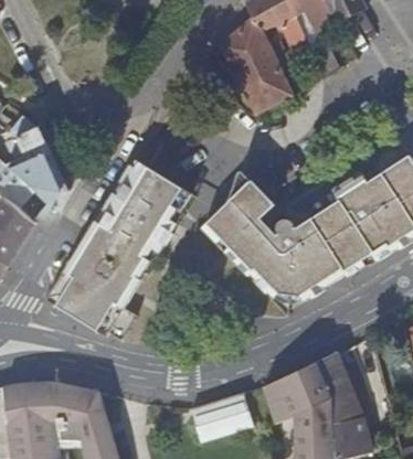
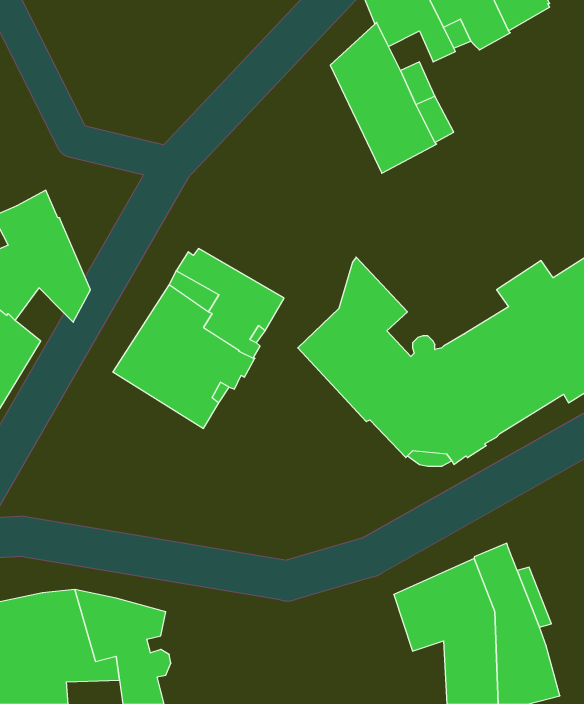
building: [46,242,140,335] -> none
building: [188,392,251,441] -> none

